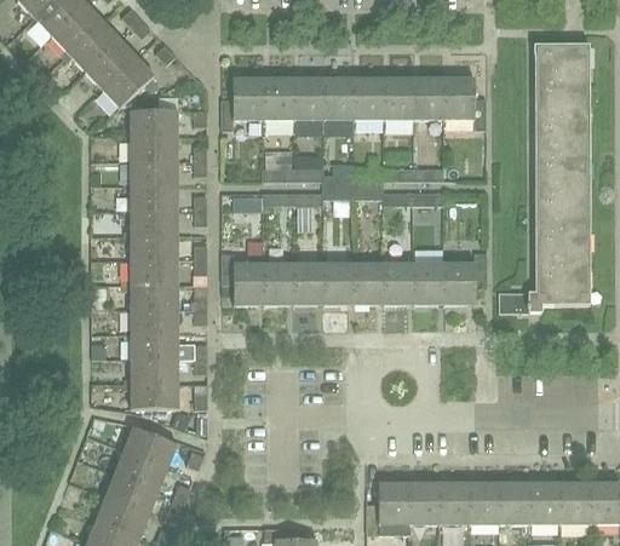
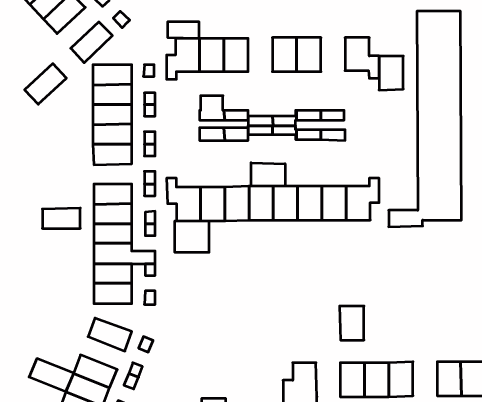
building: [85,40,137,91] -> [25,64,66,104]
building: none -> [168,22,199,38]
building: [323,77,354,120] -> none
building: [414,77,444,120] -> [379,56,403,90]
building: none -> [251,163,285,186]
building: [131,235,178,260] -> [42,208,80,228]
building: none -> [175,221,209,252]
building: [114,450,170,492] -> [29,359,74,392]
building: [529,482,559,524] -> none
building: [408,483,438,525] -> [340,306,364,340]

